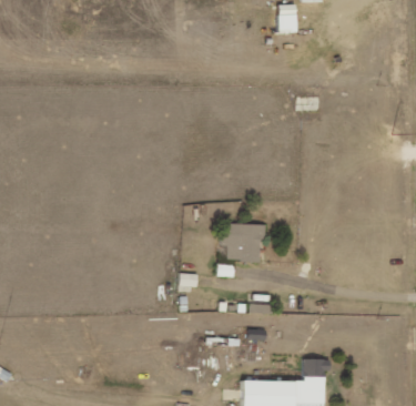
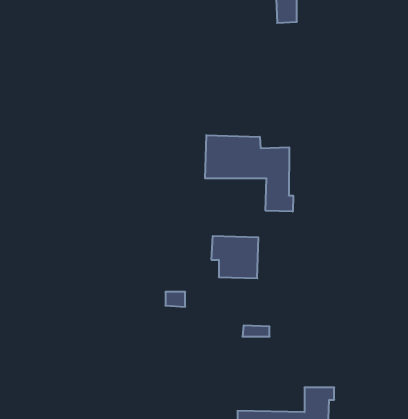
building: none -> [205,135,293,212]

